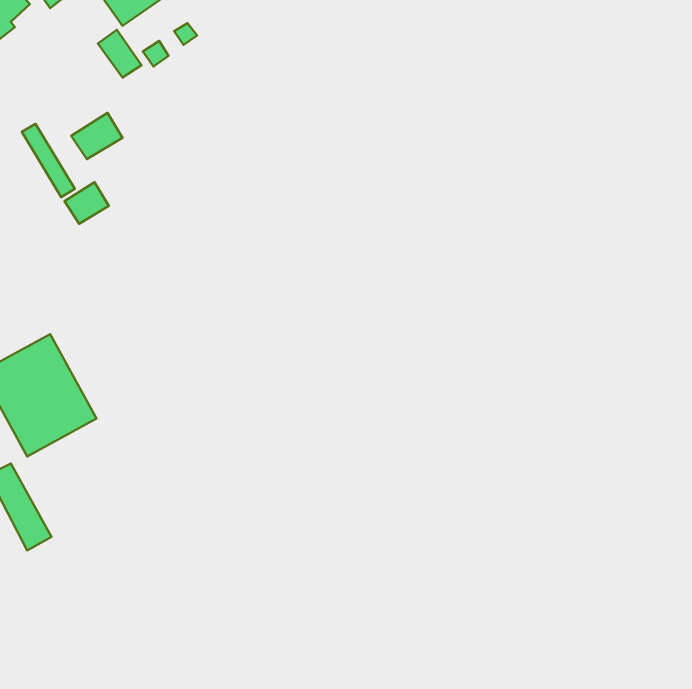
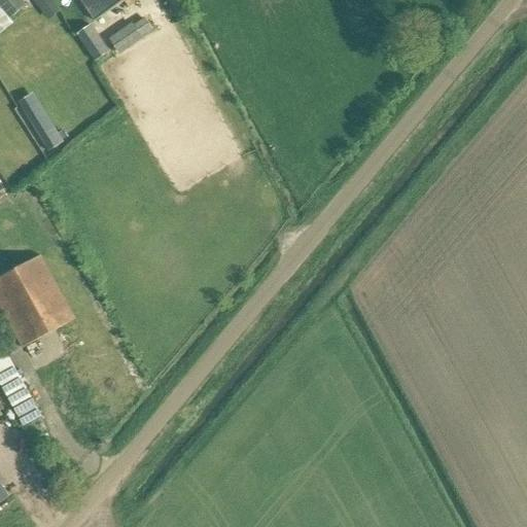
building: [71,113,123,159] -> none
building: [64,182,109,224] -> none

